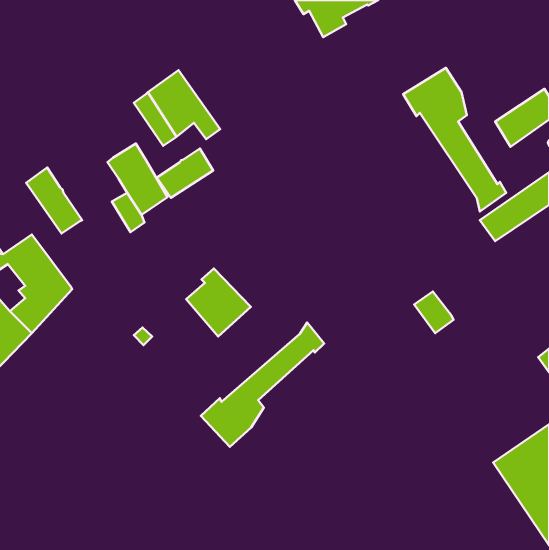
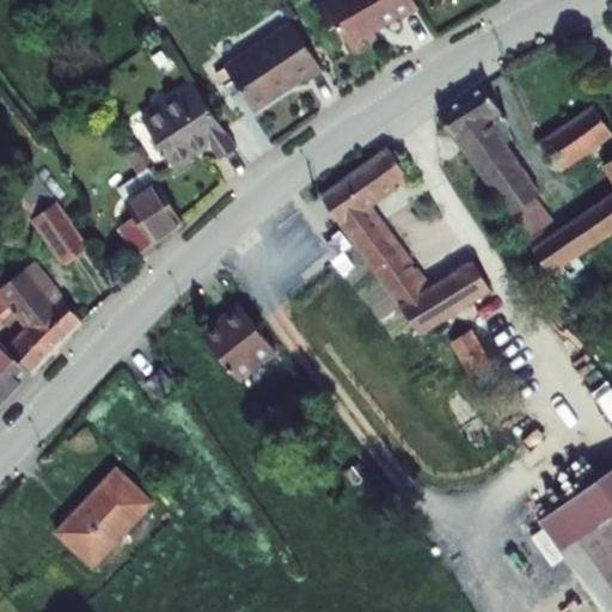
building: none -> [230,26,325,112]
building: none -> [326,148,490,336]
building: [157,148,213,198] -> none
building: [201,322,324,447] -> none
building: none -> [51,465,147,564]

